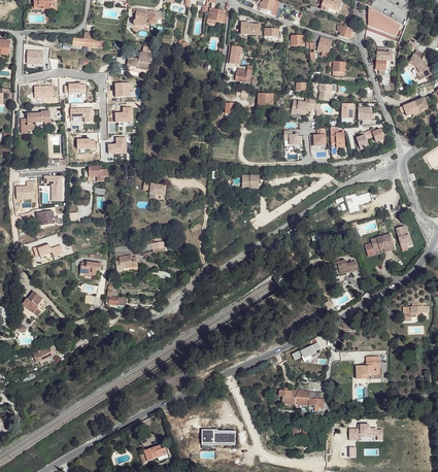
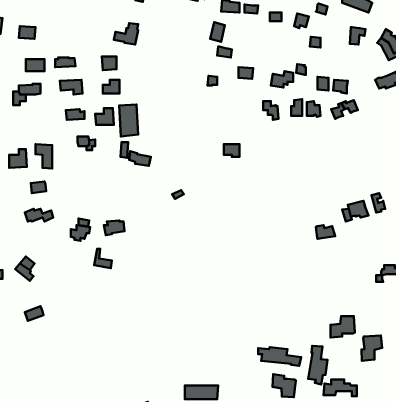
building: none -> [119,105,138,136]
building: none -> [361,336,382,361]
building: none -> [308,346,328,384]
building: none -> [272,374,296,397]

